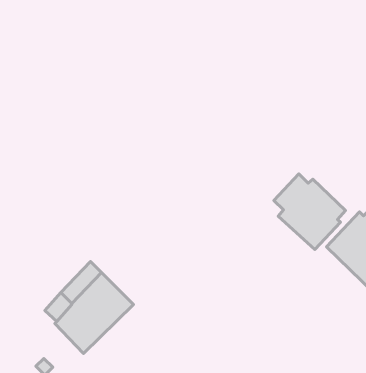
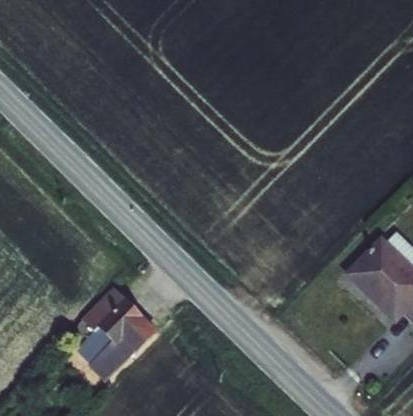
building: [274,174,345,249] -> none

